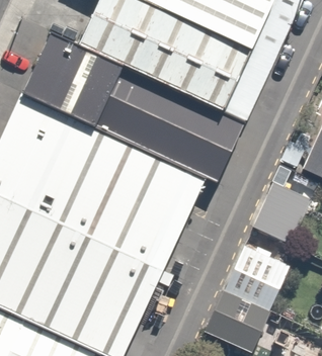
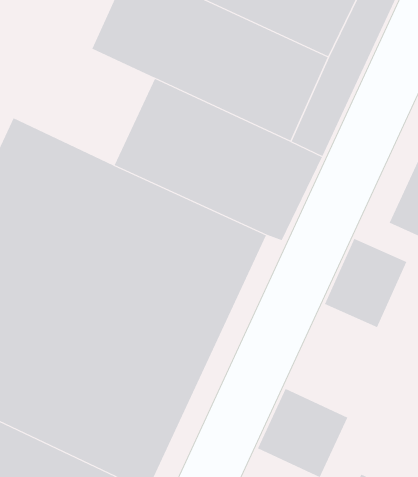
building: [23,30,126,127] -> none
building: [220,241,293,312] -> none

